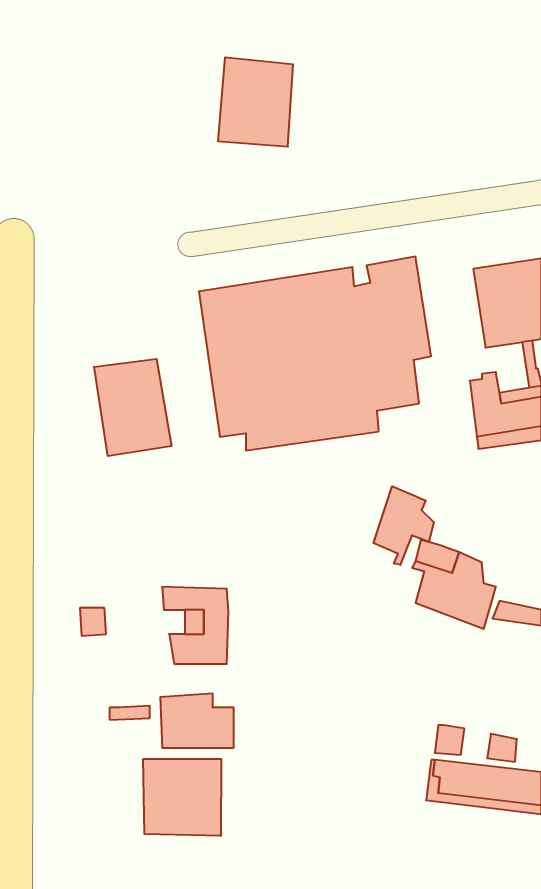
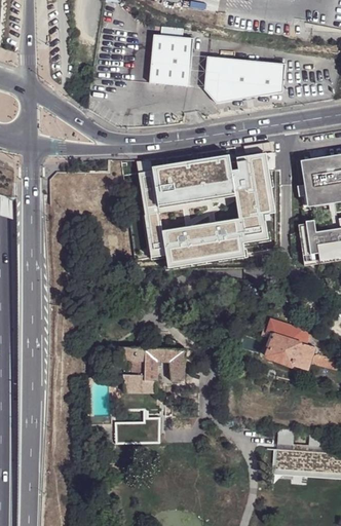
building: none -> [206,55,286,103]
building: [94,359,171,456] -> none
building: [373,486,434,565] -> none
building: none -> [154,346,185,379]
building: [143,759,221,836] -> none

